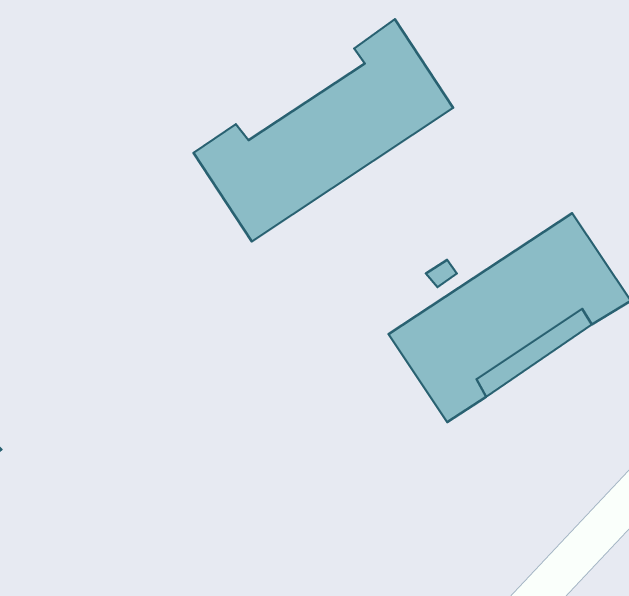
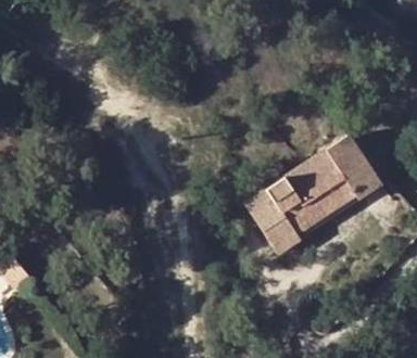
building: [193,19,453,242] -> none

